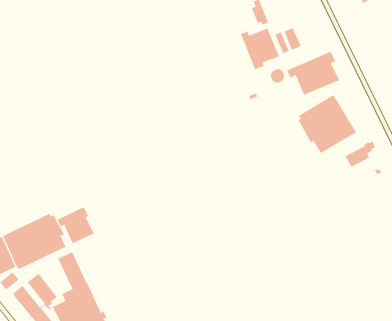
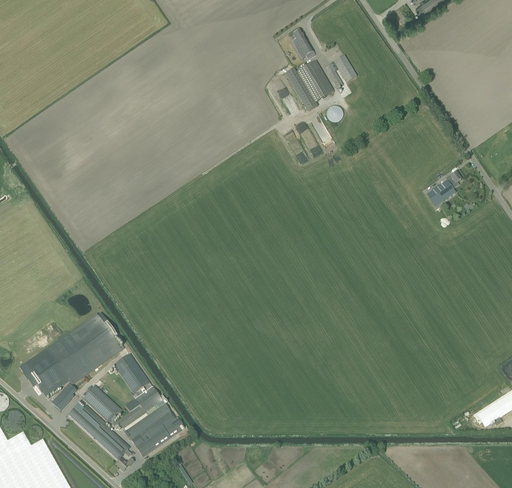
building: [287,51,340,96] -> none
building: [298,94,356,154] -> none
building: [57,207,94,244] -> none

